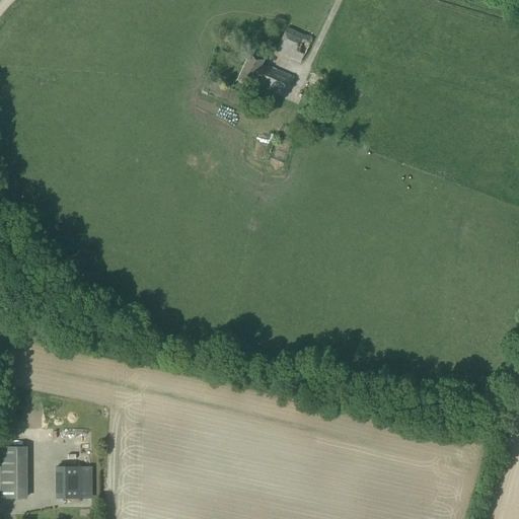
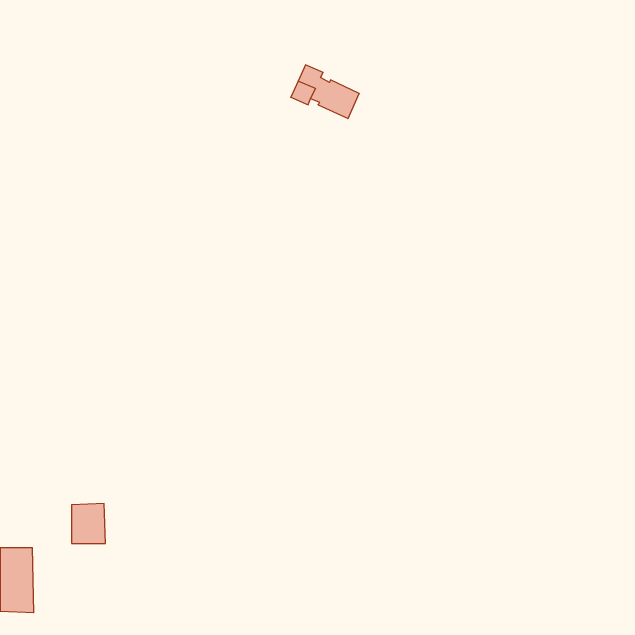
building: [278,25,311,61] -> none
building: [57,464,84,497] -> [72,504,105,543]

